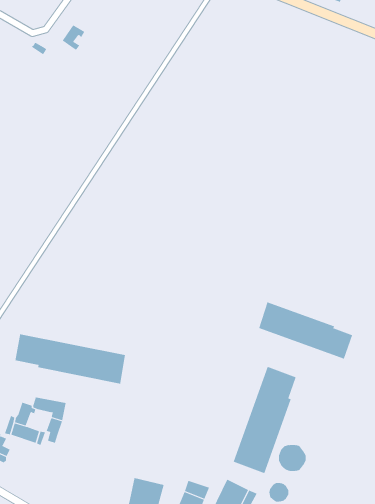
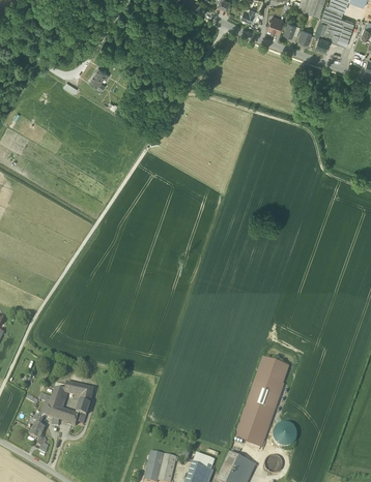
building: [258,302,353,359] -> none
building: [15,333,126,384] -> none

